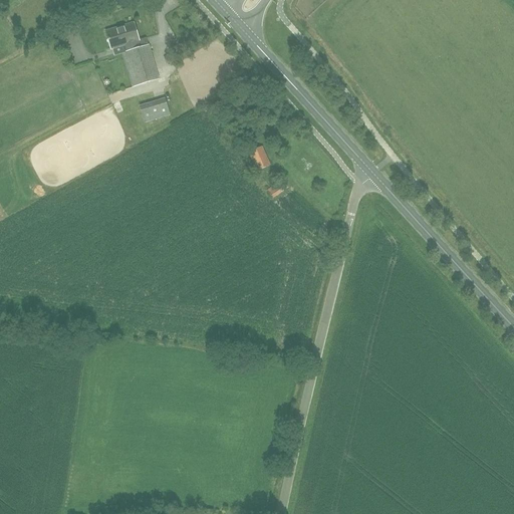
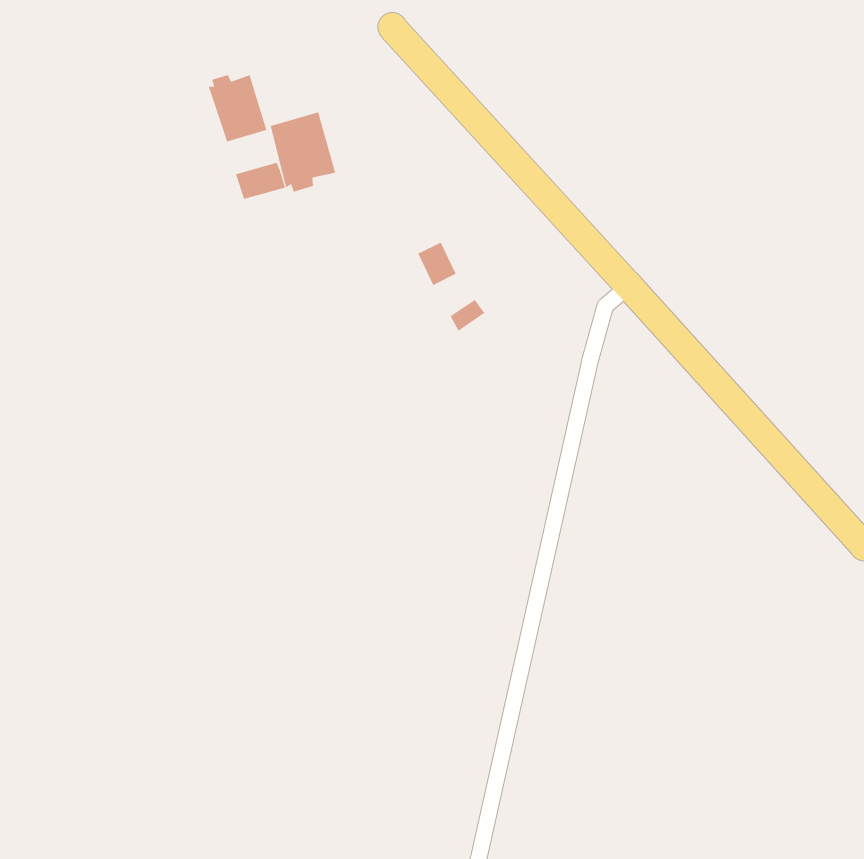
building: [106,22,139,47] -> none
building: none -> [270,111,336,192]

